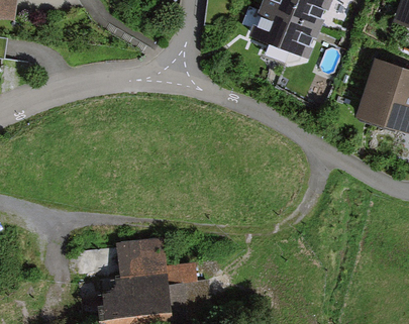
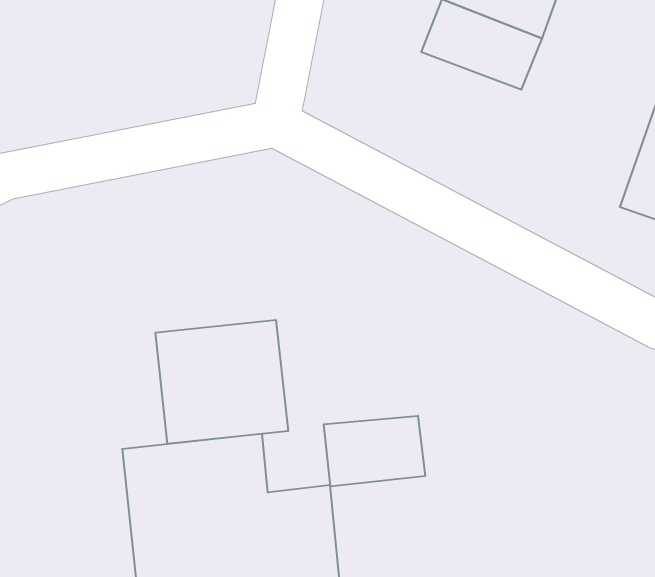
building: none -> [156,320,288,444]
building: none -> [324,416,425,487]

